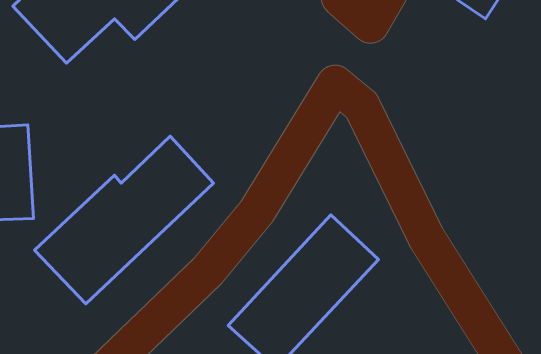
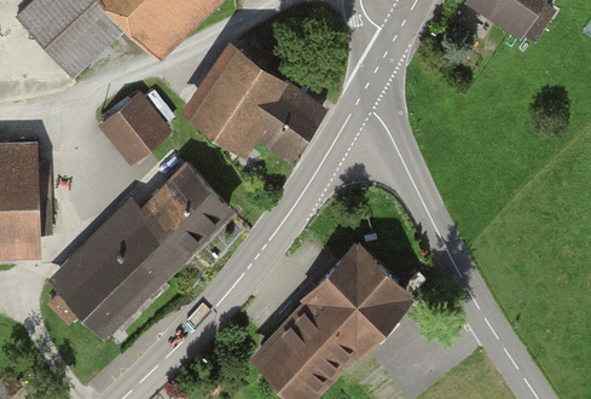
building: none -> [184,50,321,163]
building: none -> [98,92,172,164]

